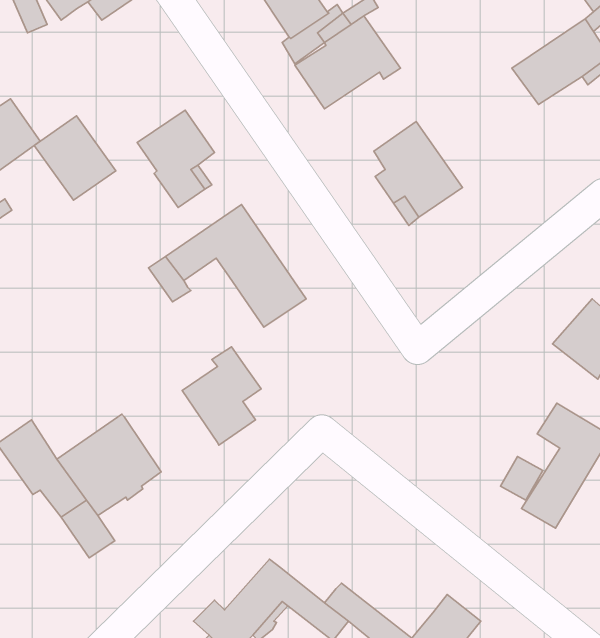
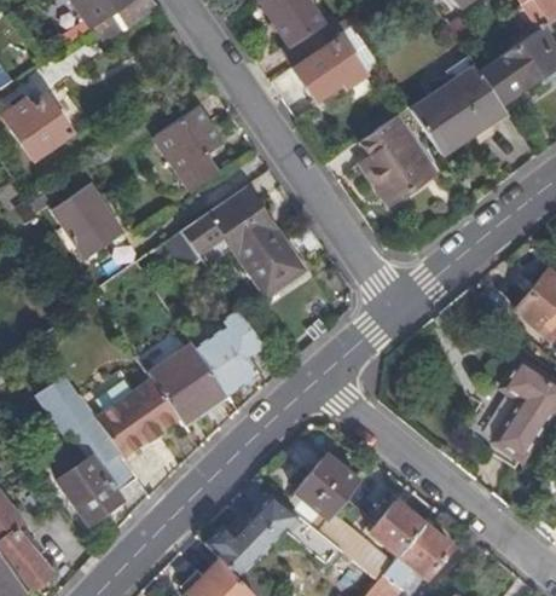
building: none -> [410,65,508,155]
building: [34,116,116,200] -> [54,186,124,259]
building: none -> [146,341,226,421]
building: none -> [295,453,359,517]
building: none -> [58,456,121,521]
building: none -> [371,500,423,554]

